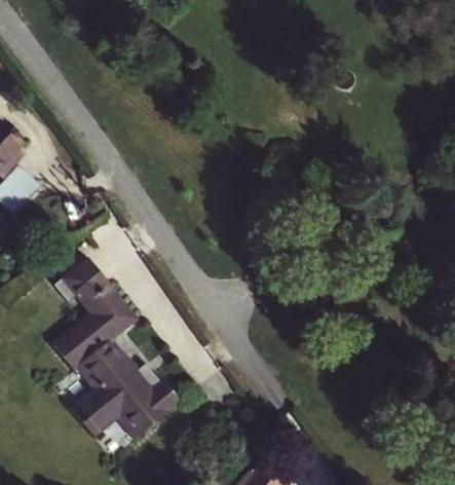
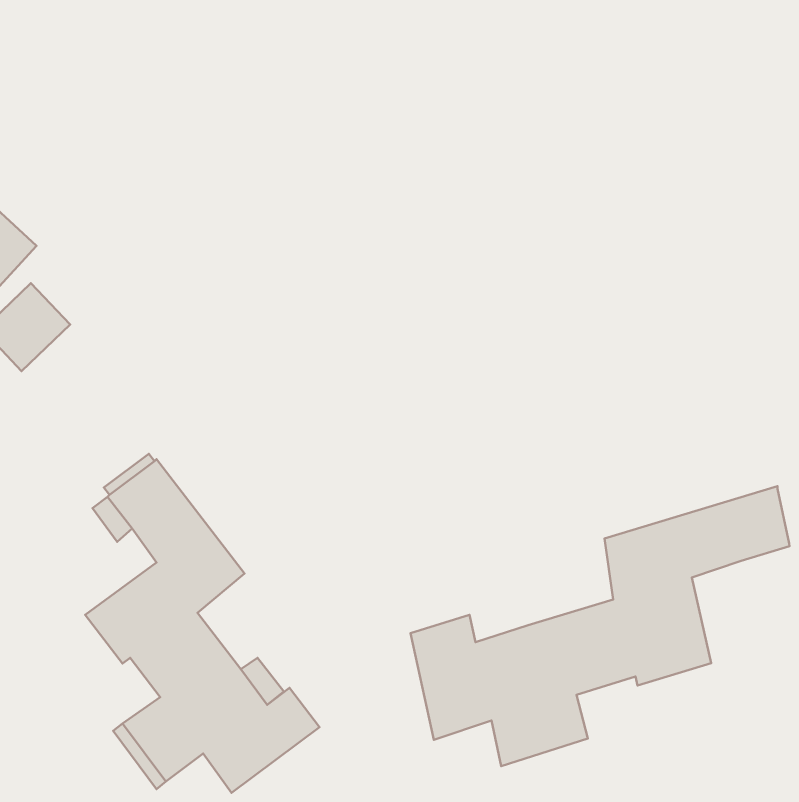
building: none -> [410,486,789,766]

